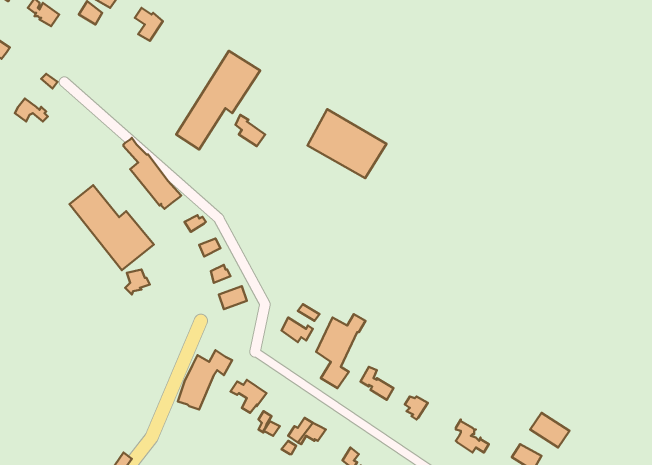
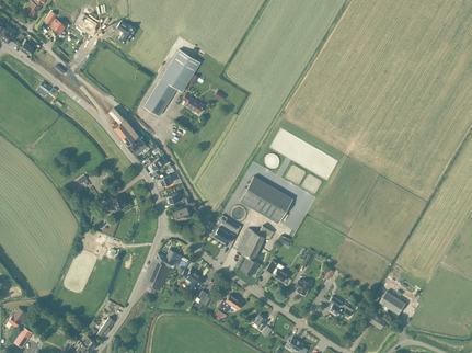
building: [307,109,386,178] -> [240,175,292,221]
building: [69,185,154,270] -> none

